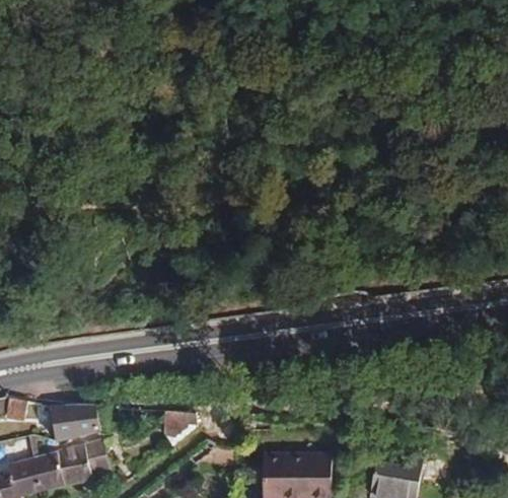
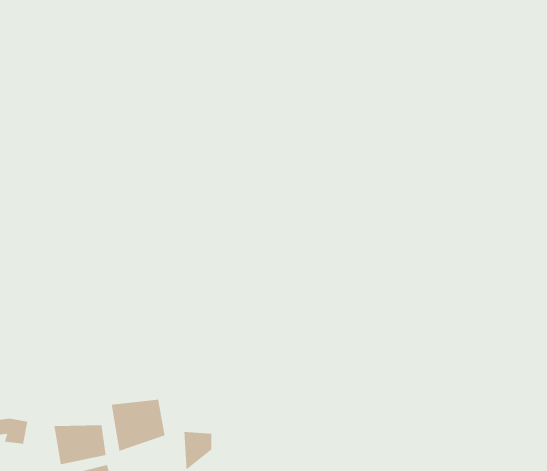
building: none -> [111,399,166,452]

